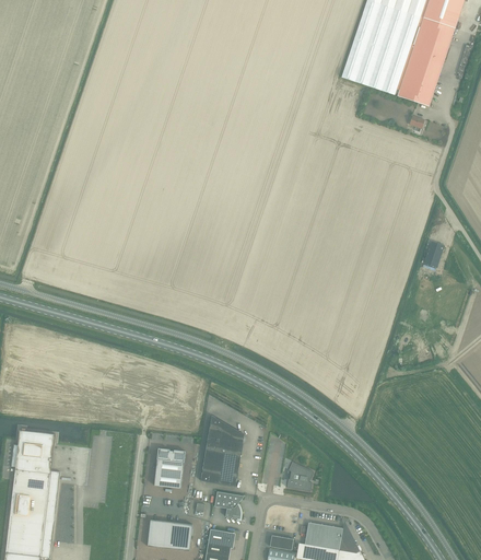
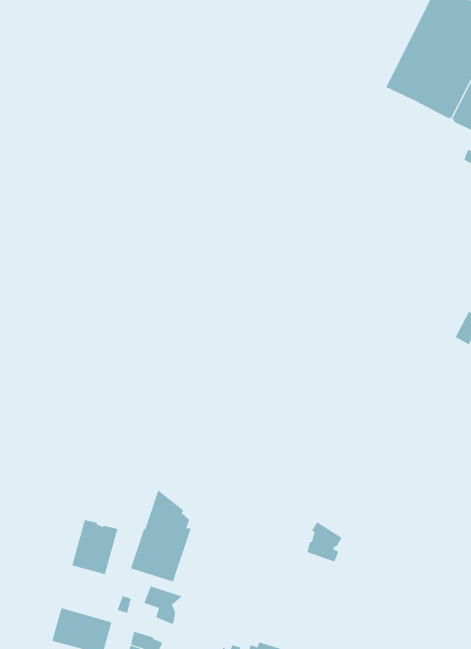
building: [288,463,314,492] -> [307,521,343,562]

